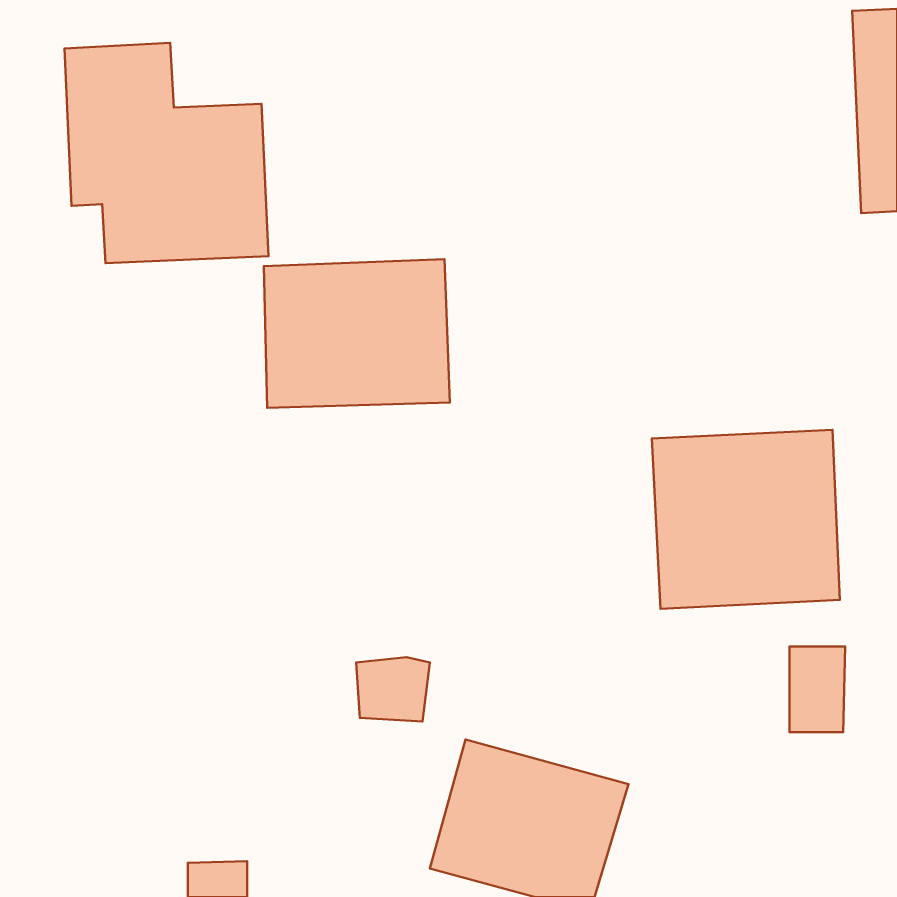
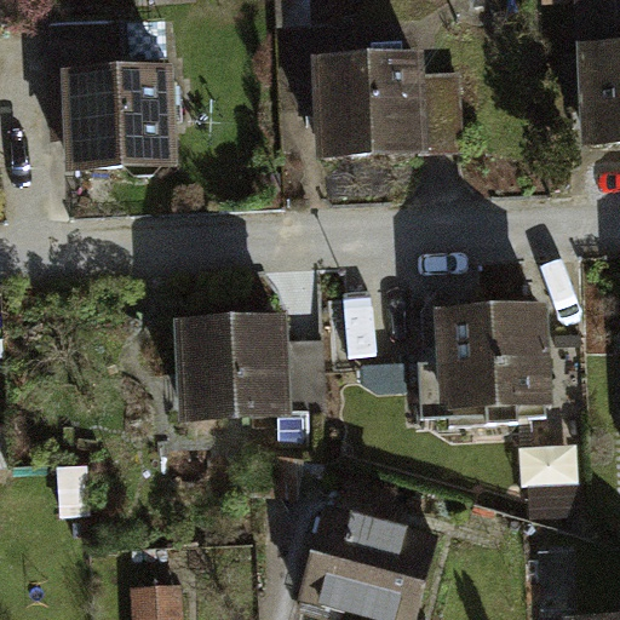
building: none -> [310,59,430,162]
building: [264,259,450,408] -> [179,316,305,417]

